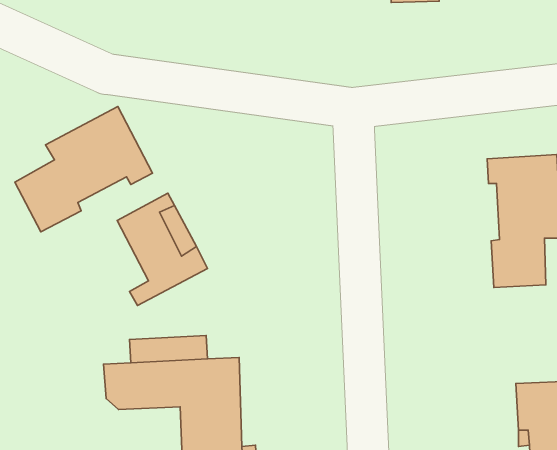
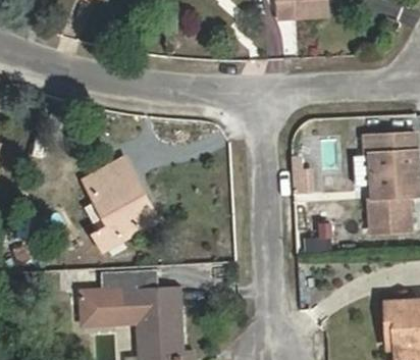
building: [15,106,152,232] -> none

